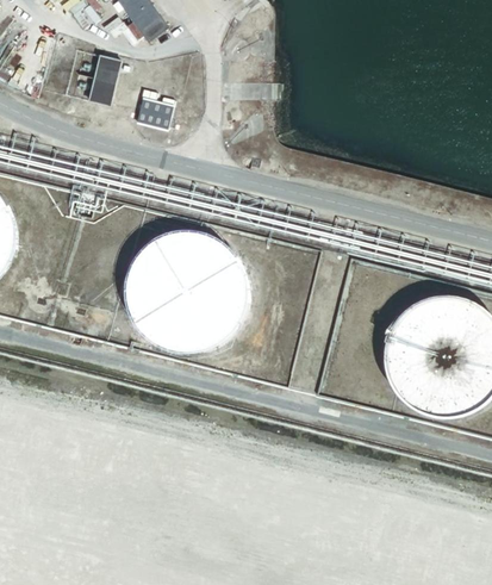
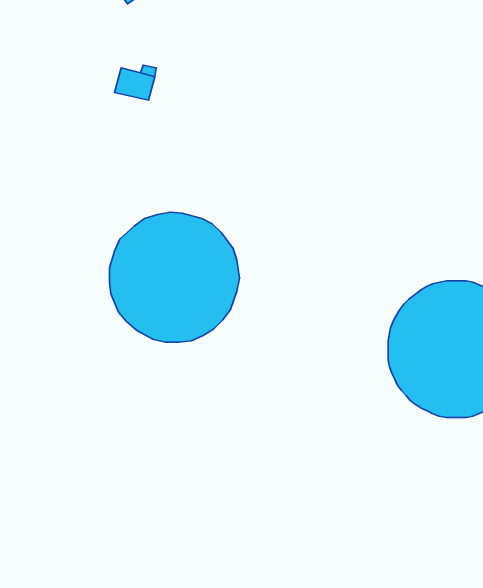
building: [83,55,118,106] -> none

